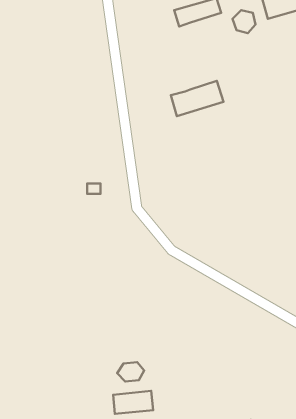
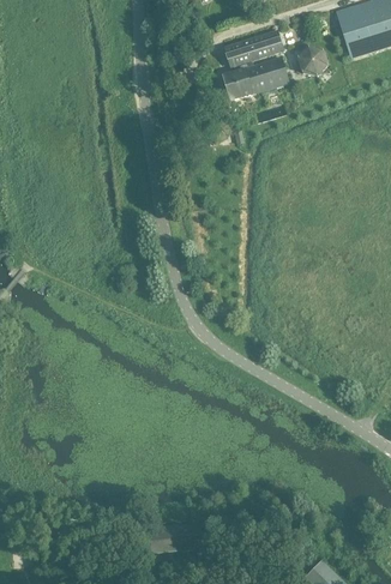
building: [171,81,224,116] -> [224,58,290,102]
building: [117,362,144,382] -> none

